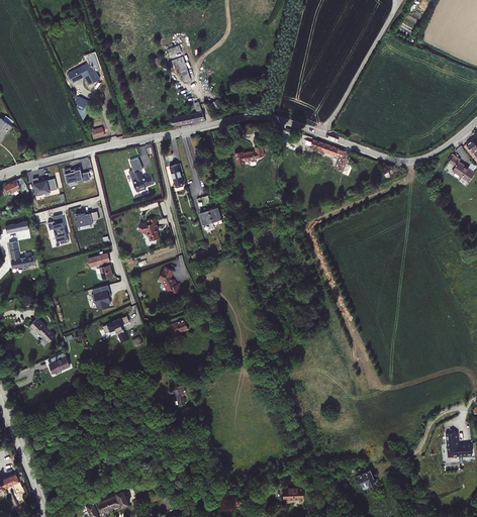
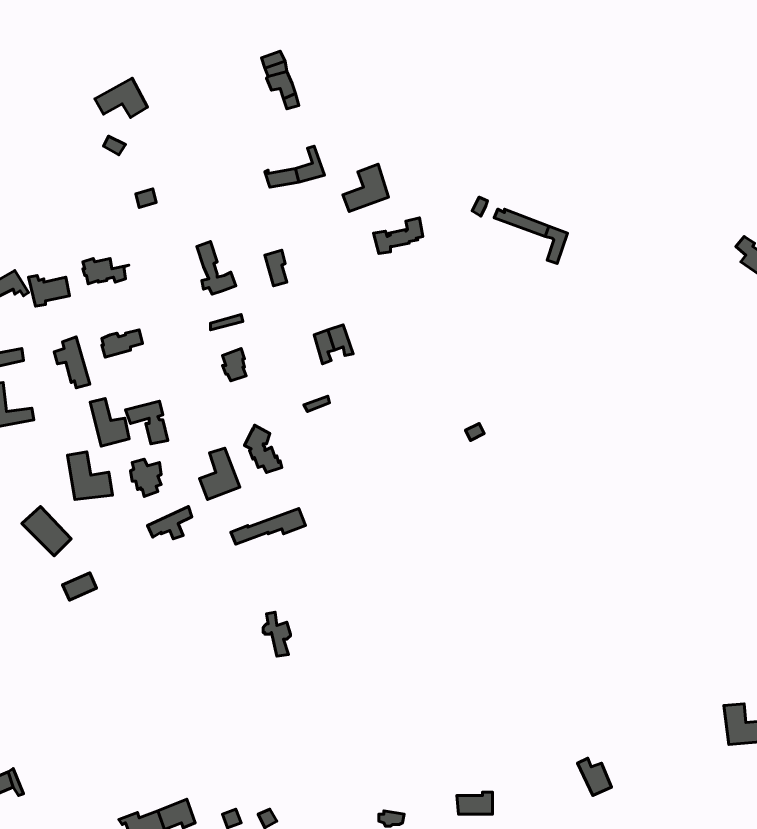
building: none -> [343,164,389,212]
building: none -> [90,398,129,446]
building: none -> [200,448,240,500]
building: none -> [67,452,113,500]

